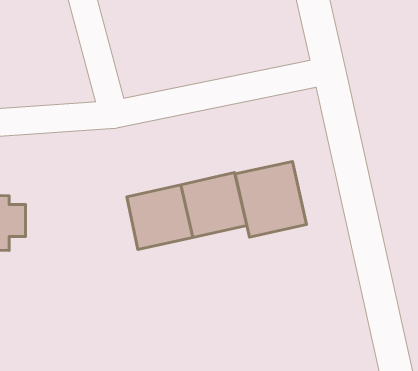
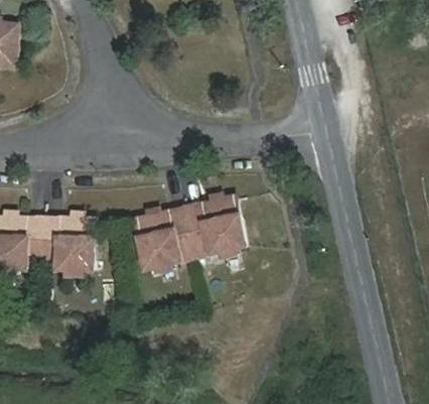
building: [235,161,307,237] -> none
building: none -> [41,219,93,269]

